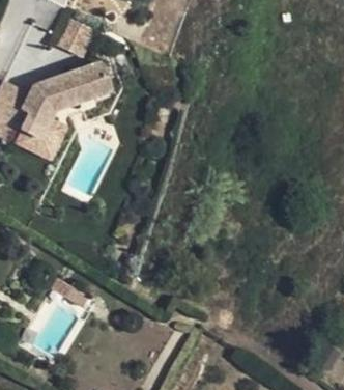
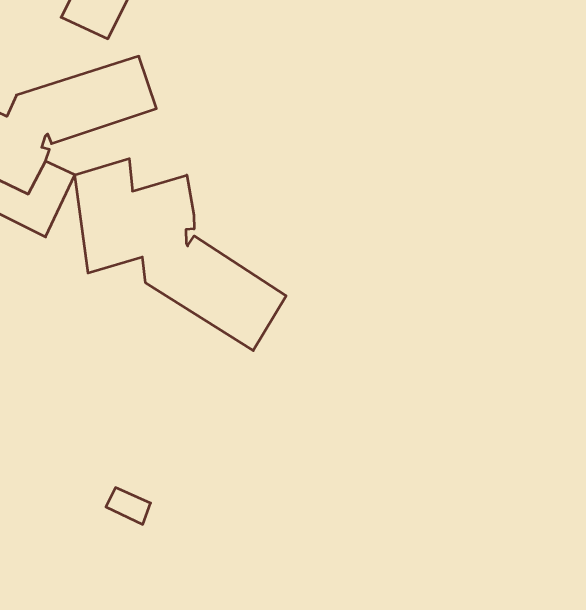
building: none -> [75,159,286,351]

